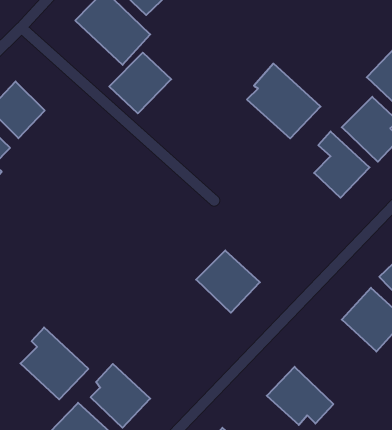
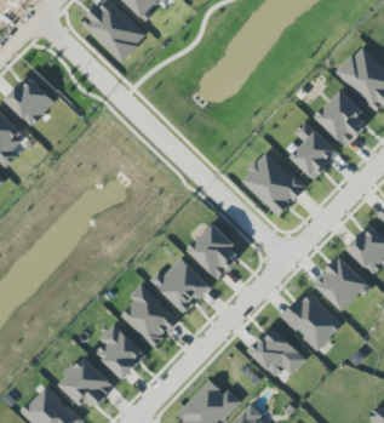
building: [109,53,171,113] -> none
building: [247,64,321,138] -> [241,150,305,216]
building: none -> [153,256,211,314]
building: none -> [282,290,343,350]
building: [20,327,88,399] -> [120,284,179,347]

